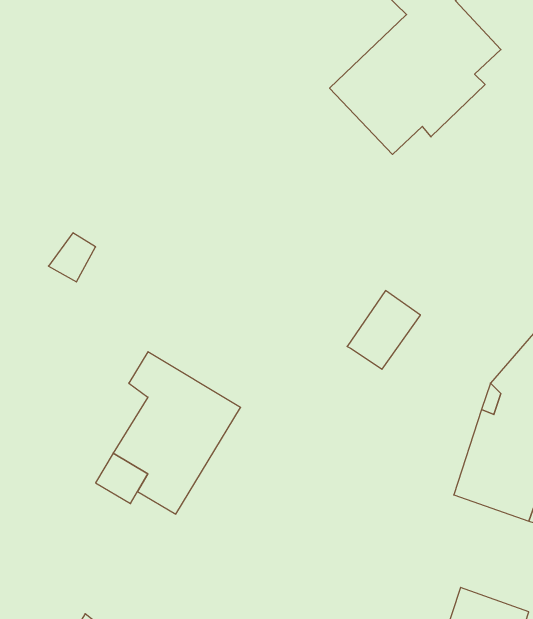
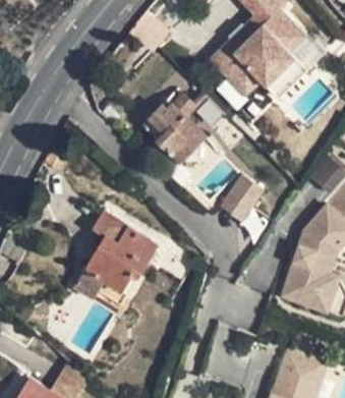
building: none -> [141,90,205,163]

